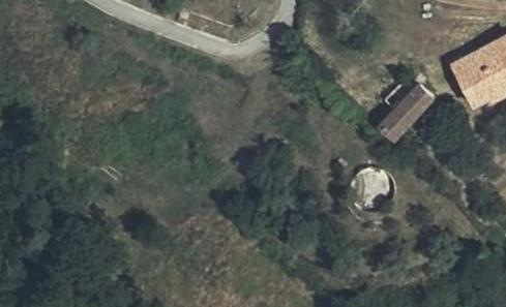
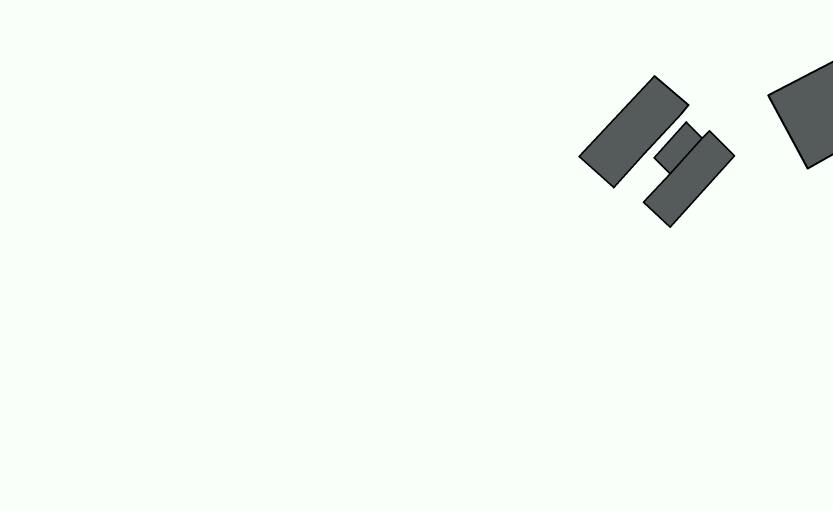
building: none -> [579,76,689,188]

